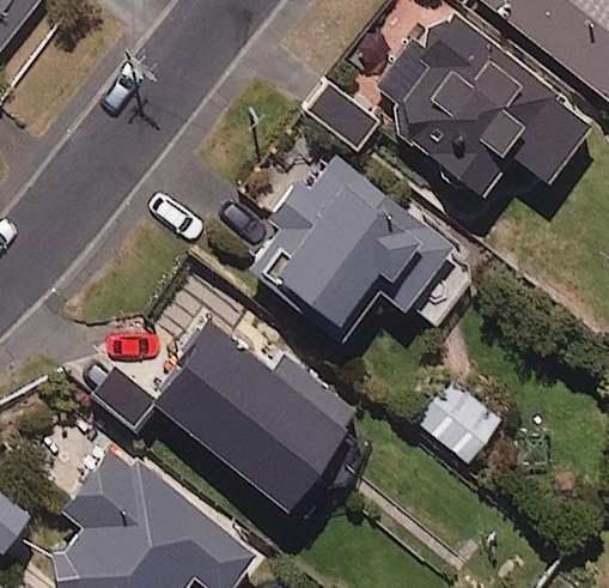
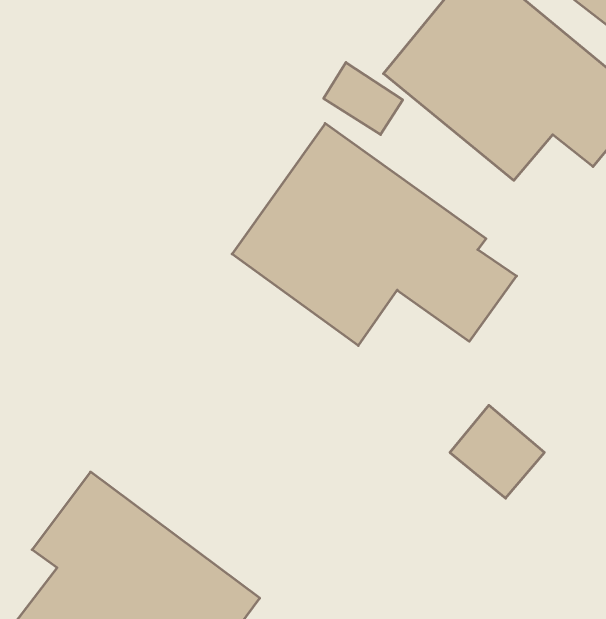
building: [93,321,341,502] -> none

